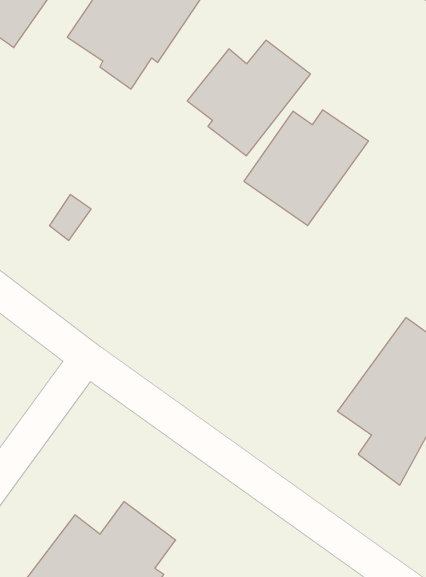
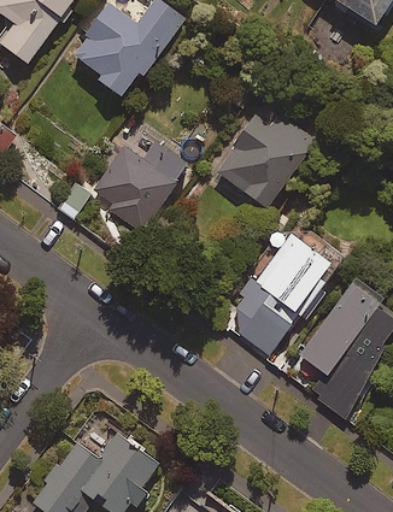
building: [187,40,310,156] -> [94,139,194,233]
building: none -> [212,230,325,358]

